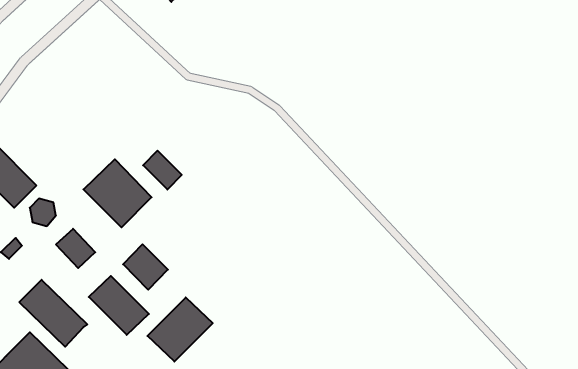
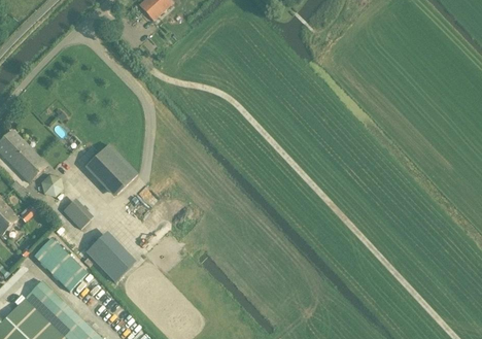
building: [143,151,182,190] -> none
building: [123,244,168,290] -> none
building: [147,297,213,362] -> none

